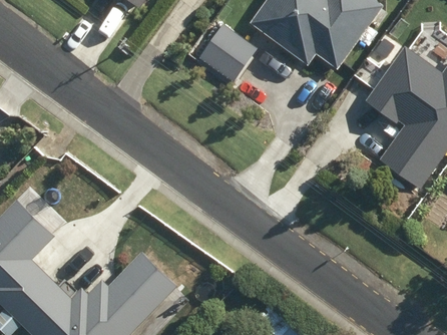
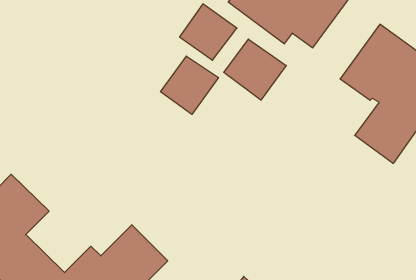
building: none -> [224,39,286,100]
building: none -> [161,56,218,114]

